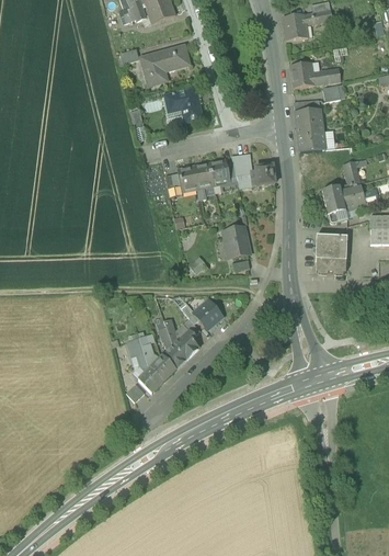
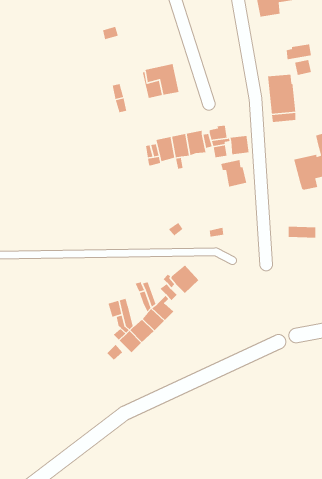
building: [140,45,188,84] -> none
building: [289,61,314,88] -> none
building: [221,227,250,257] -> [220,159,247,187]
building: [314,235,346,260] -> none

